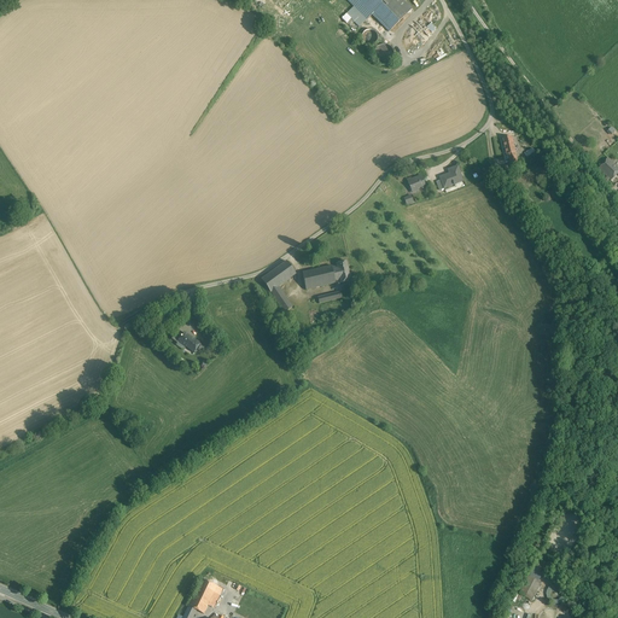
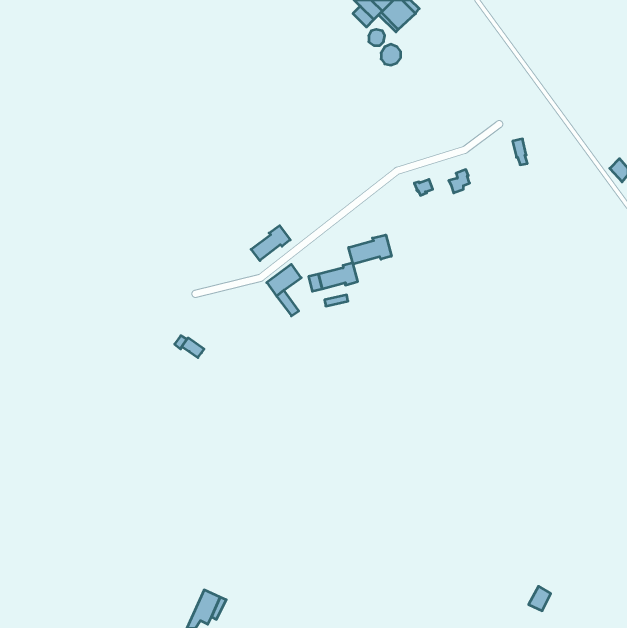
building: none -> [251,226,290,261]
building: none -> [349,235,391,264]

